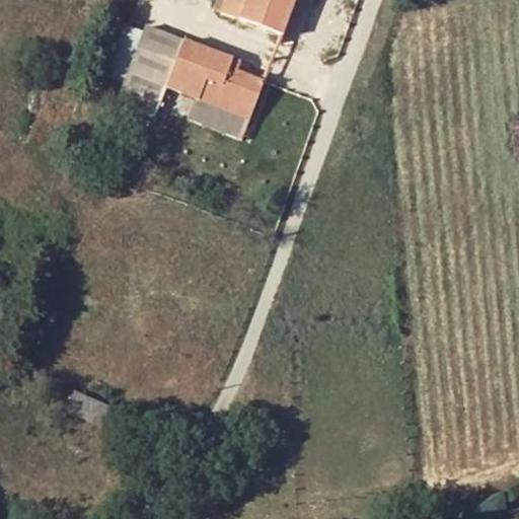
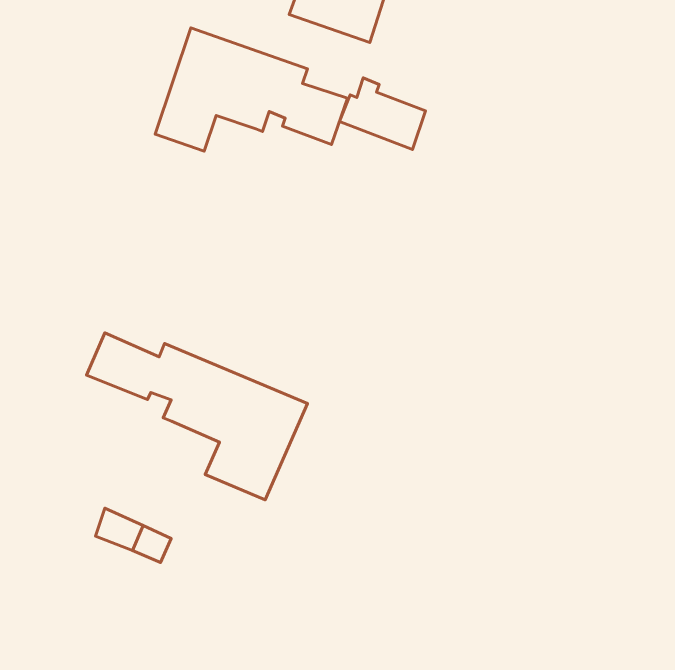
building: [188,85,253,140] -> [339,78,426,149]
building: none -> [87,333,308,500]

